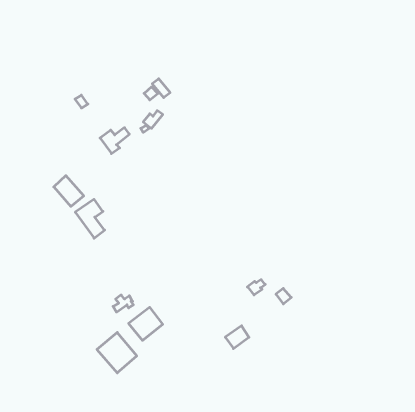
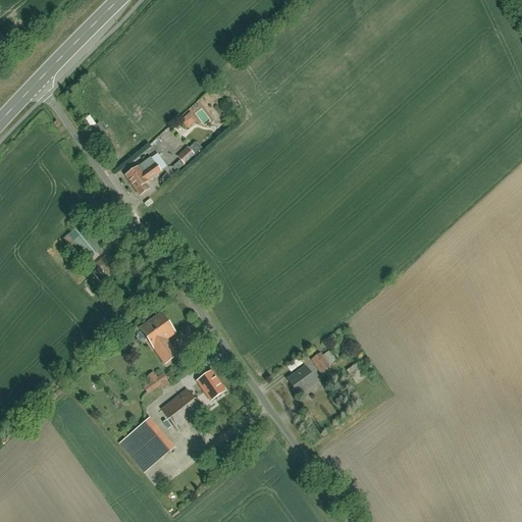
building: [75,199,105,238] -> [141,316,177,365]
building: none -> [195,371,223,401]
building: [225,326,249,349] -> [286,364,316,393]

